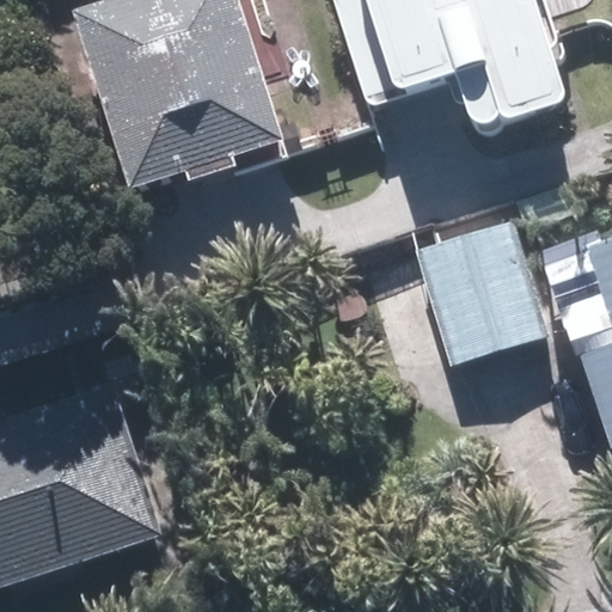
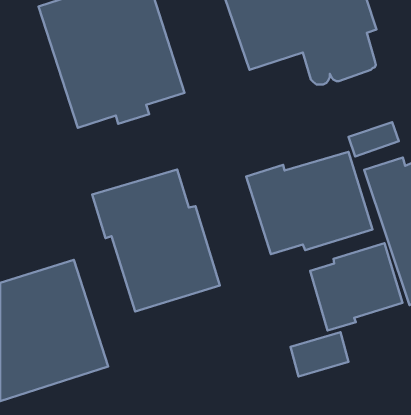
building: none -> [92,170,220,311]
building: none -> [310,243,403,331]

